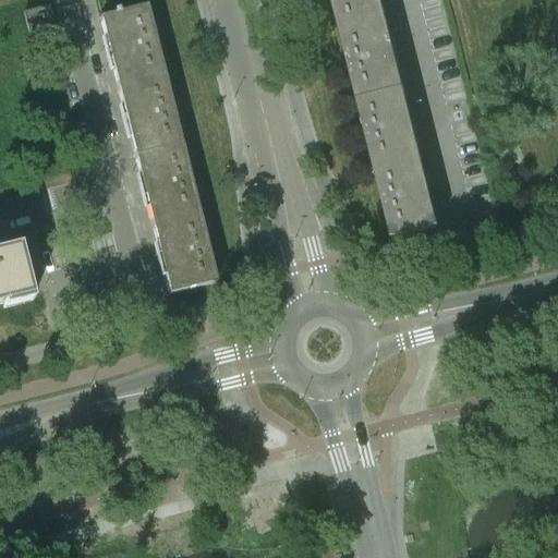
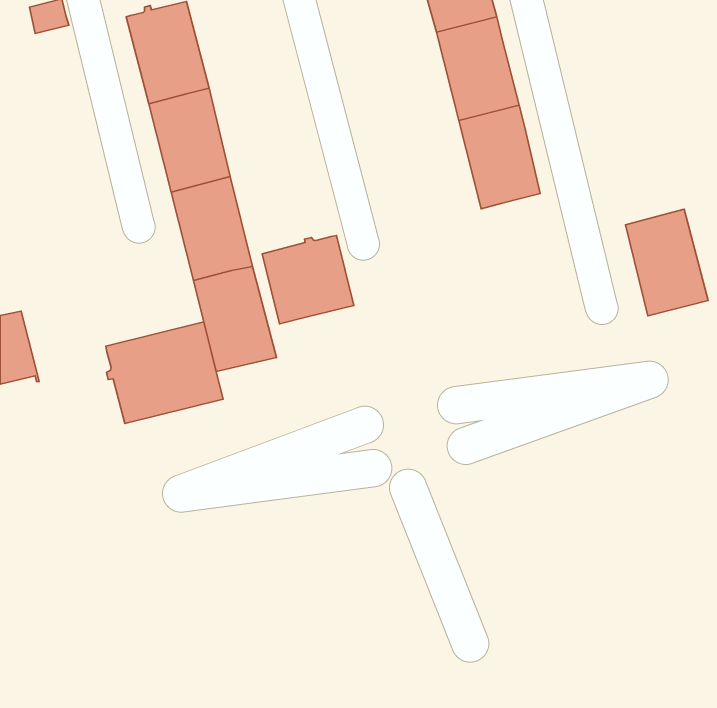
building: [374,150,438,233] -> [625,209,708,316]
building: none -> [262,235,354,324]
building: none -> [106,322,223,423]

